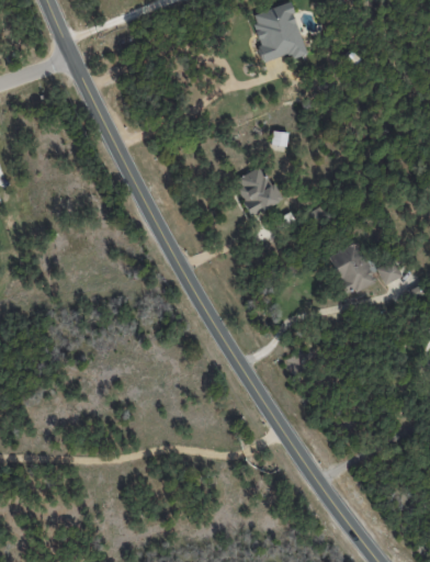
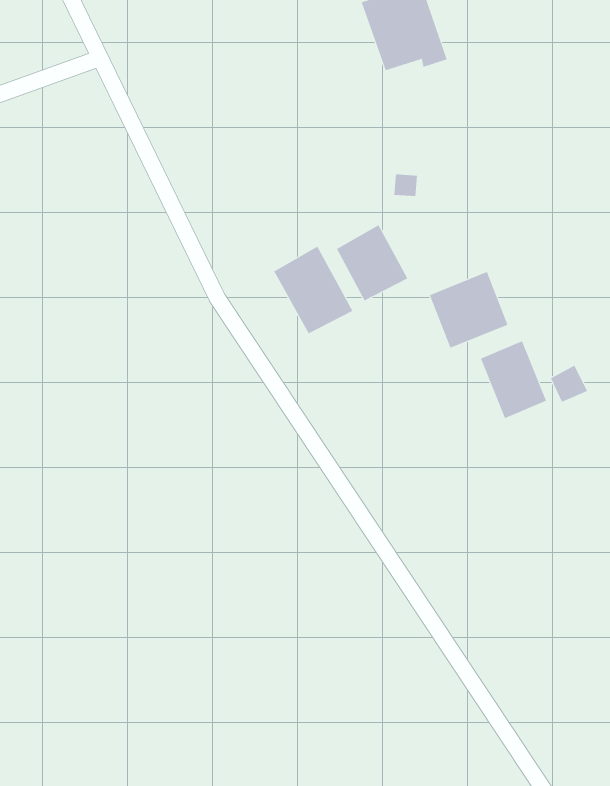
building: none -> [274,246,353,334]
building: none -> [429,271,508,349]

